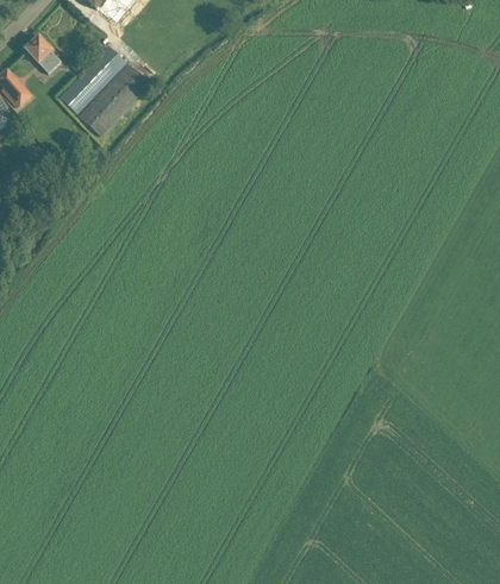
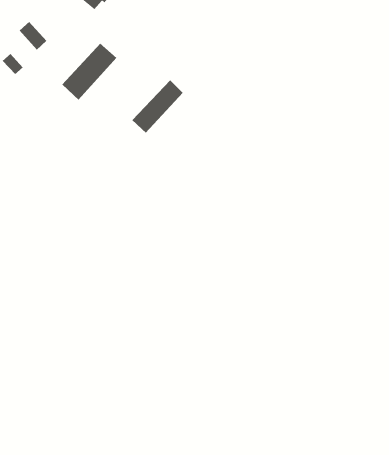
building: [58,44,124,112] -> [132,80,184,133]

